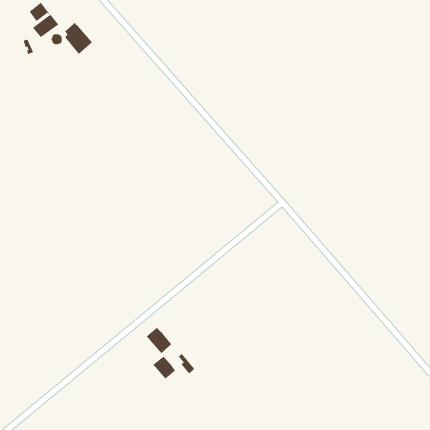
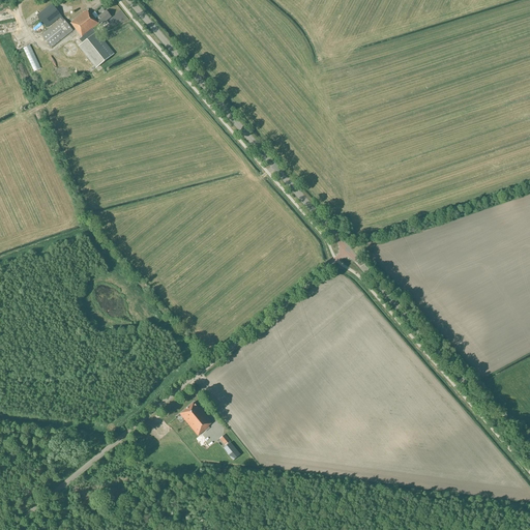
building: none -> [69,8,110,36]
building: [153,356,176,380] -> none

